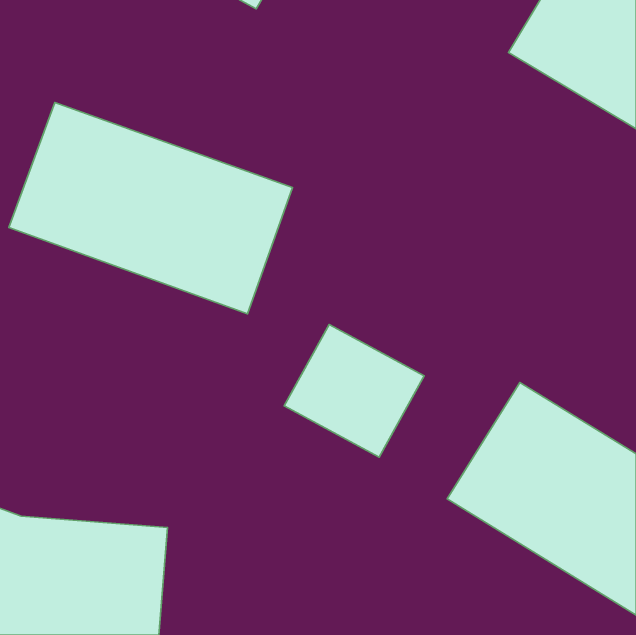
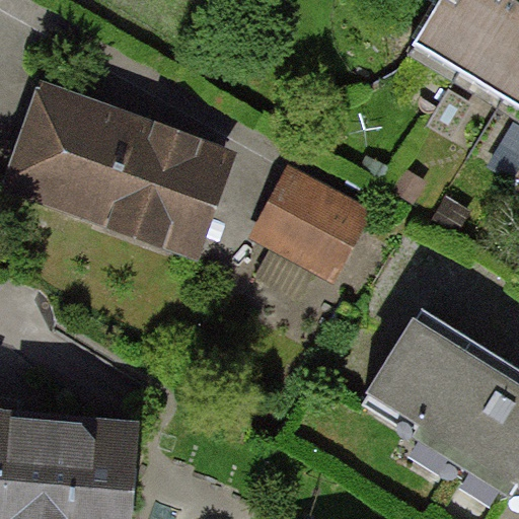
building: [284,325,424,457] -> [257,169,371,277]

